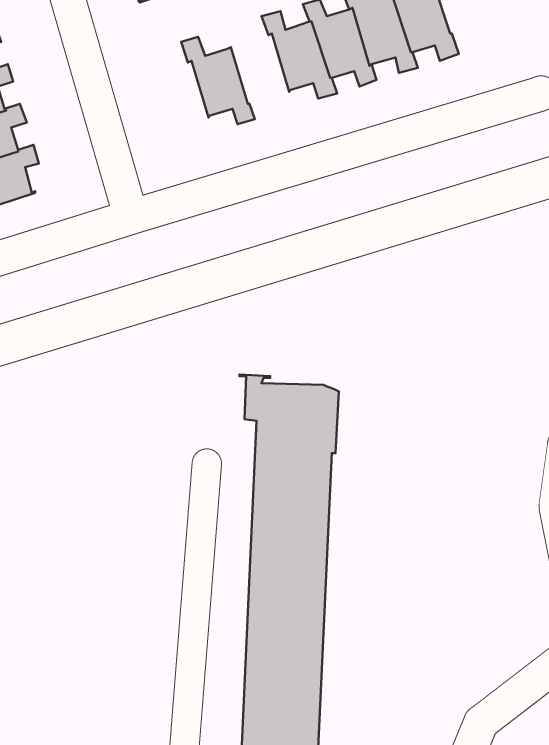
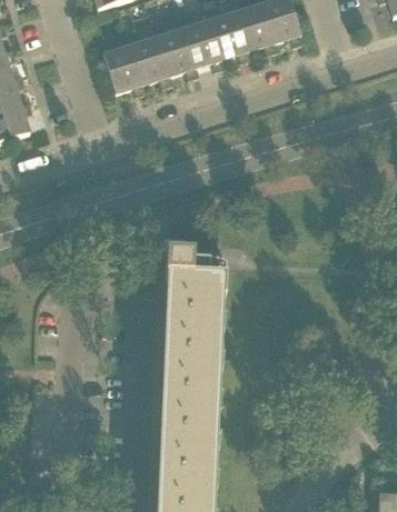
building: none -> [149,21,197,78]
building: none -> [97,37,145,94]

